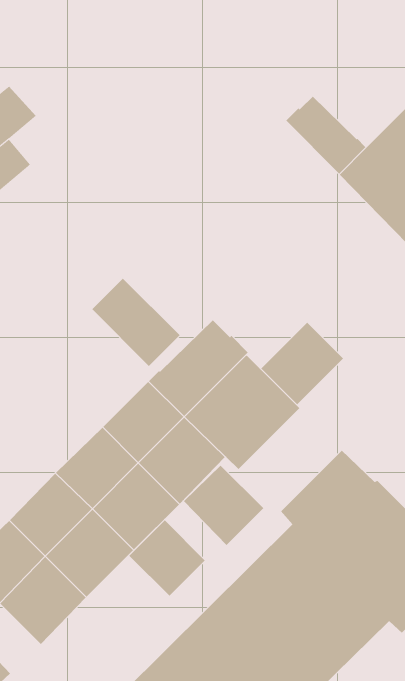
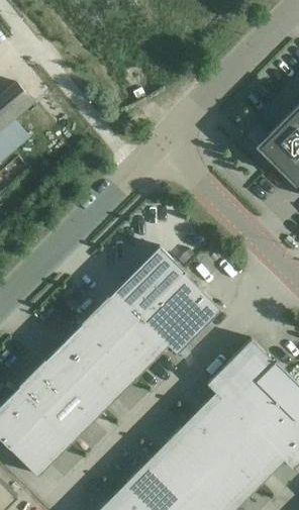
building: [285,96,366,174] -> none
building: [91,278,180,367] -> none
building: [260,322,344,405] -> none
building: [183,465,264,546] -> none
building: [128,519,206,597] -> none

